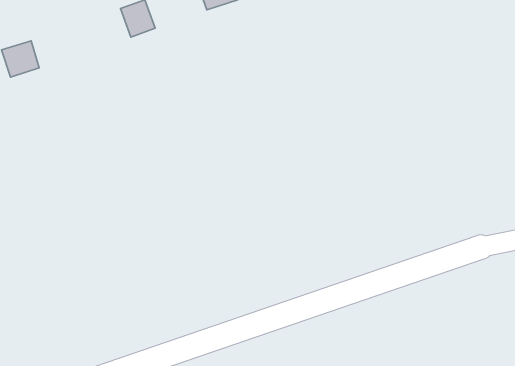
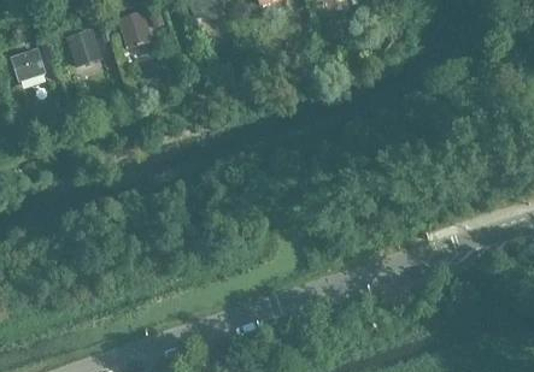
building: none -> [65,28,101,61]

